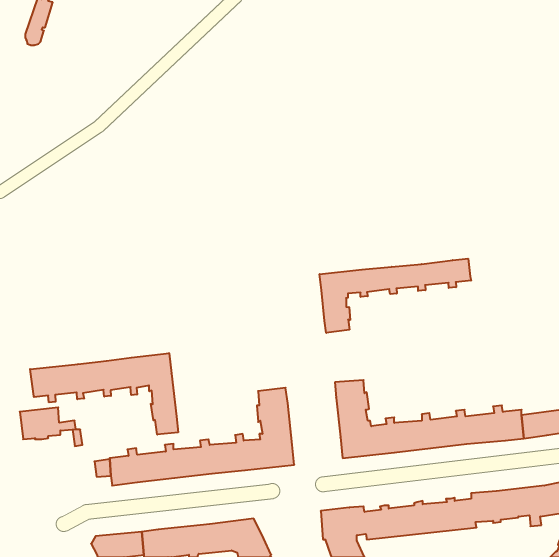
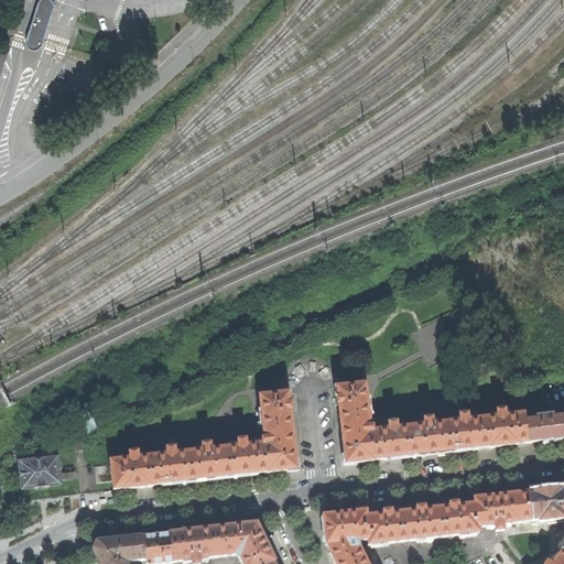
building: [320,259,471,333] -> none
building: [30,353,178,435] -> none
building: [20,407,76,439] -> [21,454,77,486]

